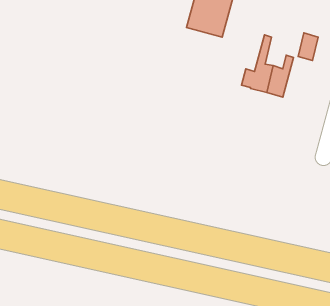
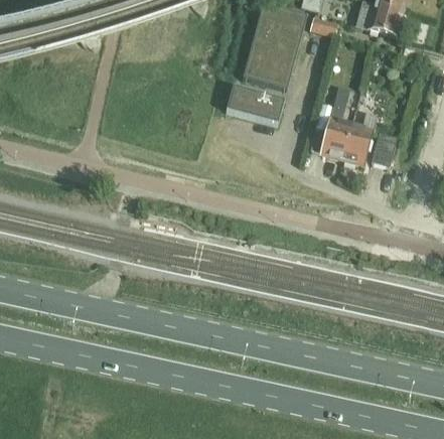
building: [298,33,318,61] -> [372,132,397,166]
building: none -> [227,85,285,124]

